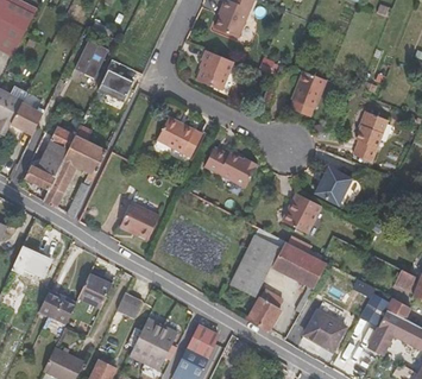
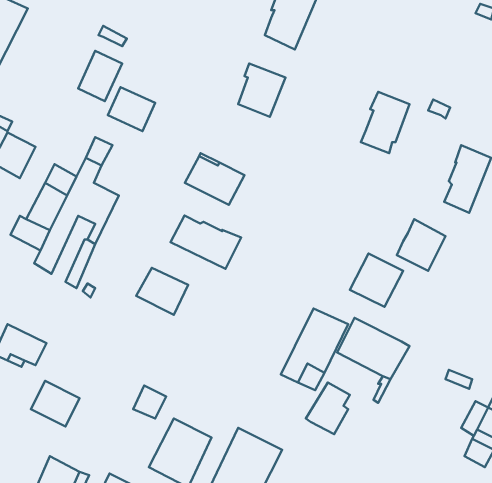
building: [203,146,257,187] -> [170,216,241,269]
building: [77,272,112,308] -> none
building: [303,309,346,350] -> none

